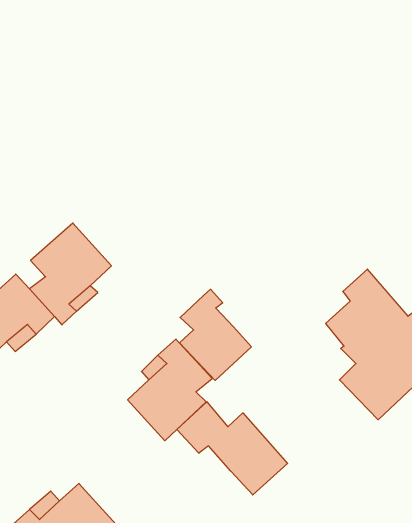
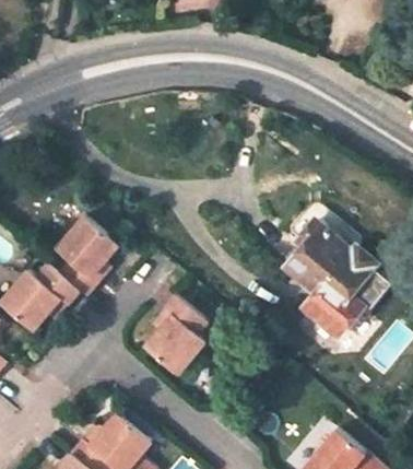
building: [179,289,251,380] -> none
building: [177,402,288,495] -> none

